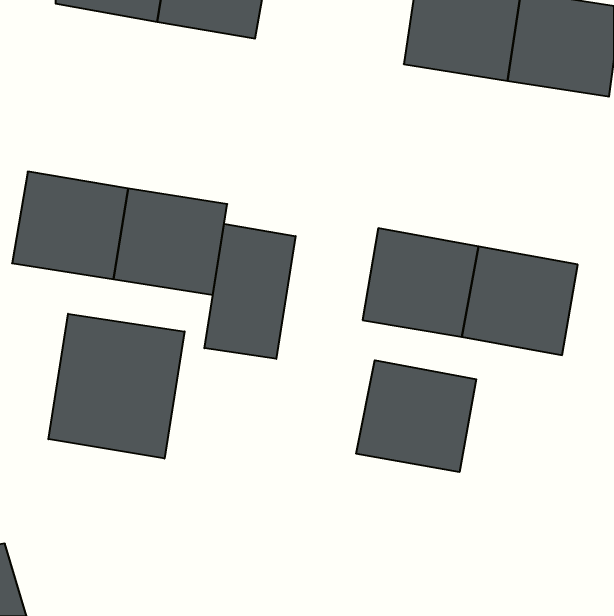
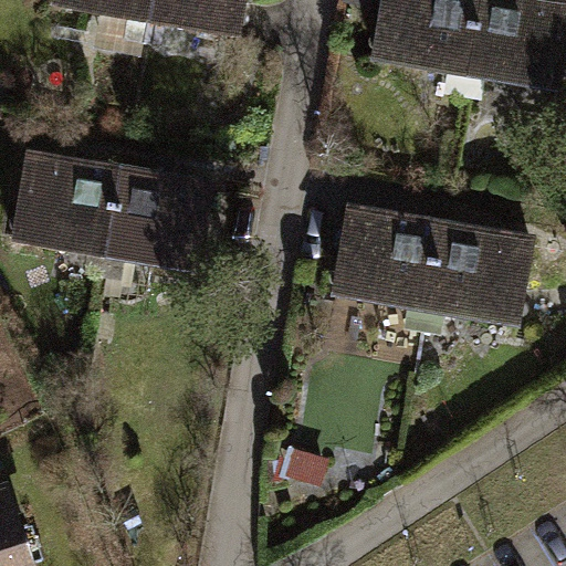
building: [204,224,296,359] -> none
building: [48,314,185,459] -> none
building: [356,360,476,472] -> none

